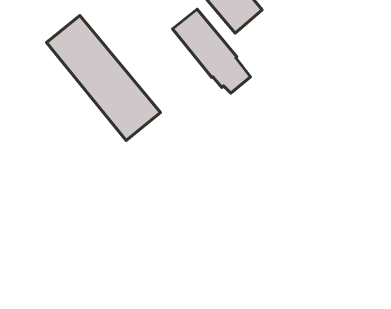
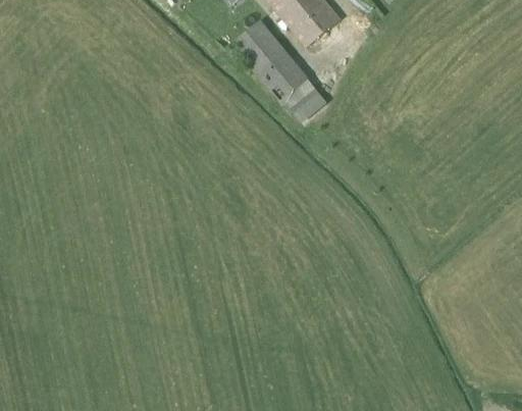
building: [47,16,161,140] -> none

